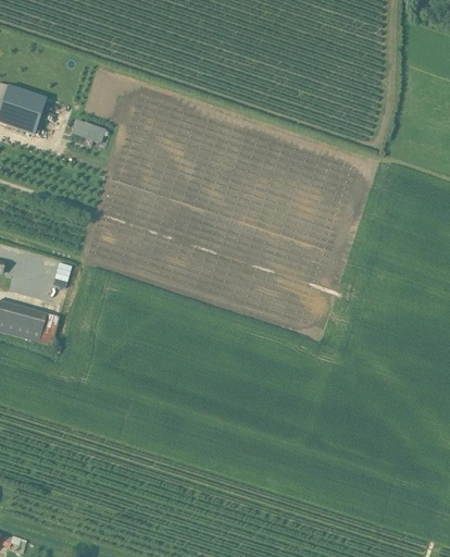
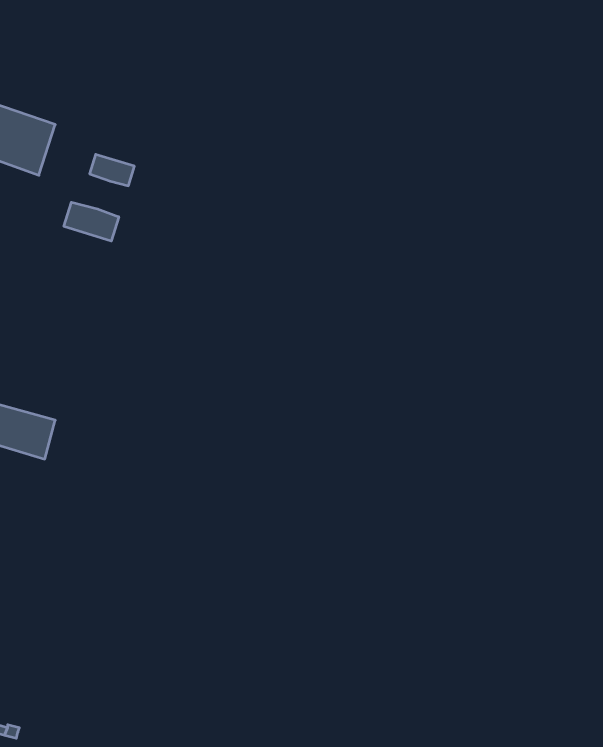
building: none -> [64,202,119,241]

